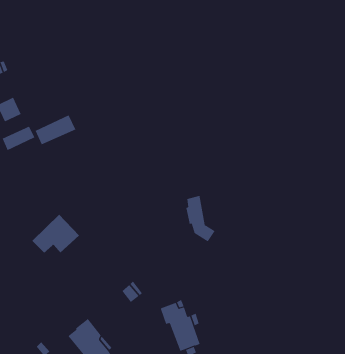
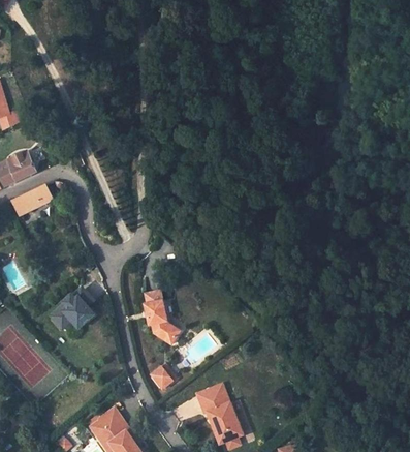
building: [35,115,76,145] -> none
building: [186,195,215,242] -> [145,289,179,342]

